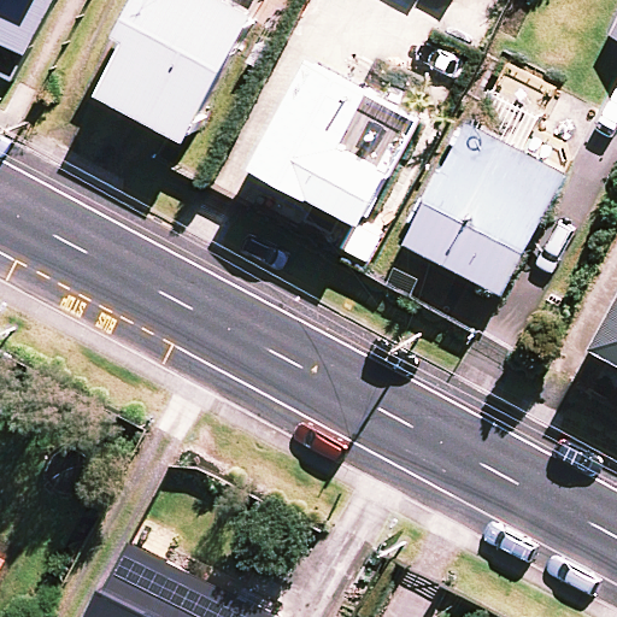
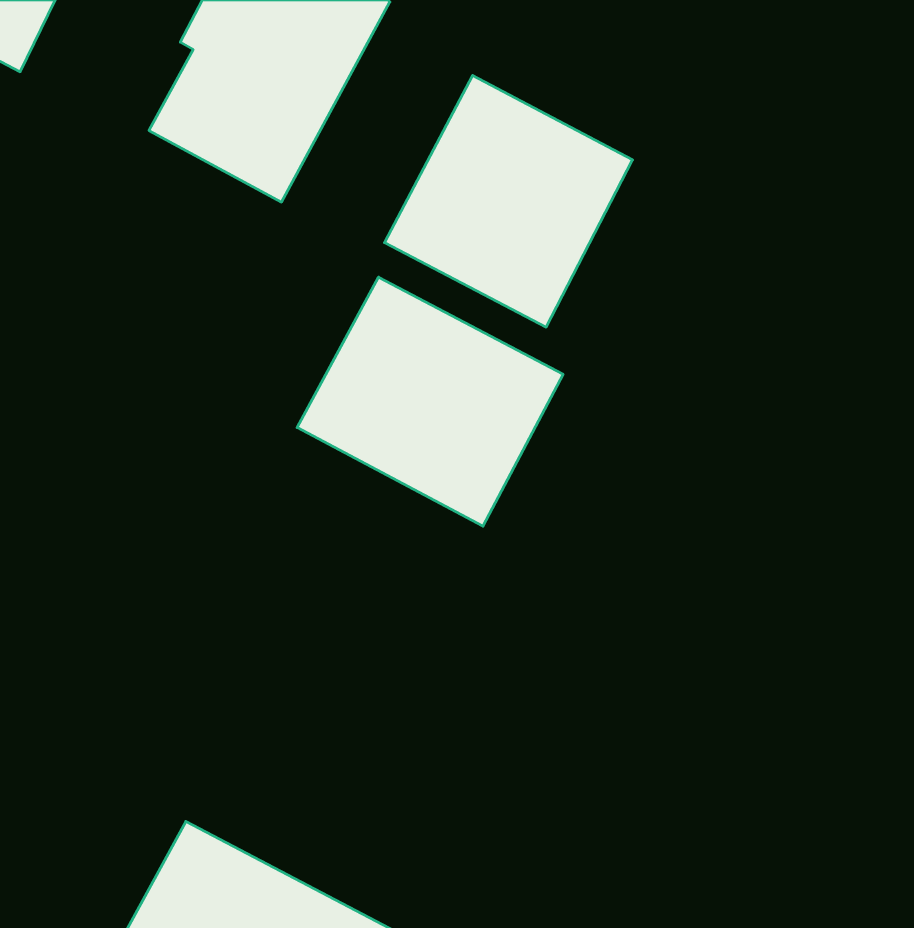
building: [398,125,558,296] -> none
building: none -> [297,277,563,526]

